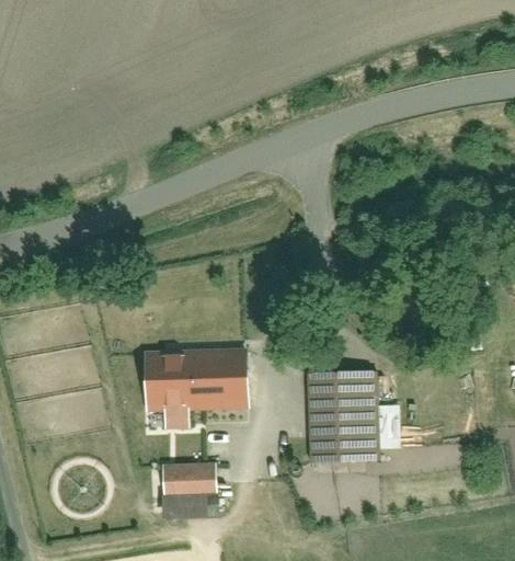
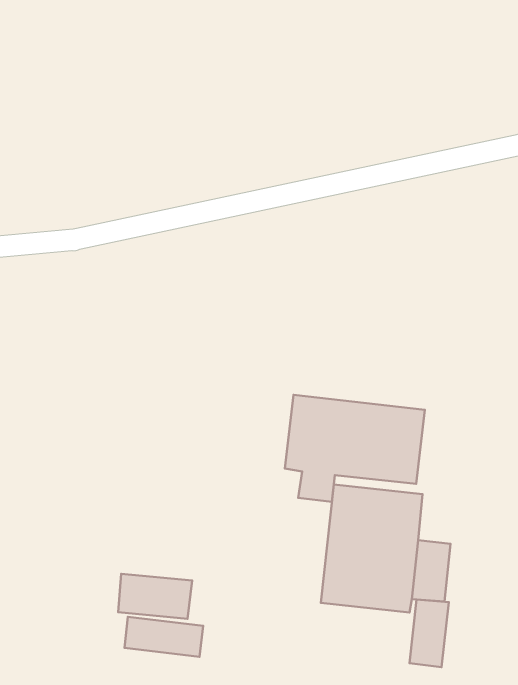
building: [147,350,247,428] -> [285,395,425,502]
building: none -> [409,600,449,667]

